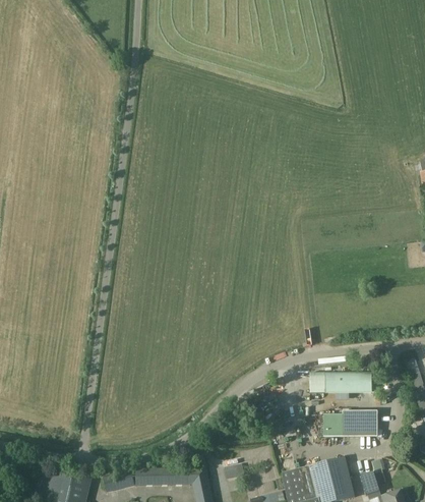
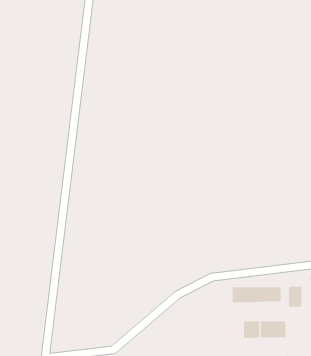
building: none -> [288,286,302,307]

